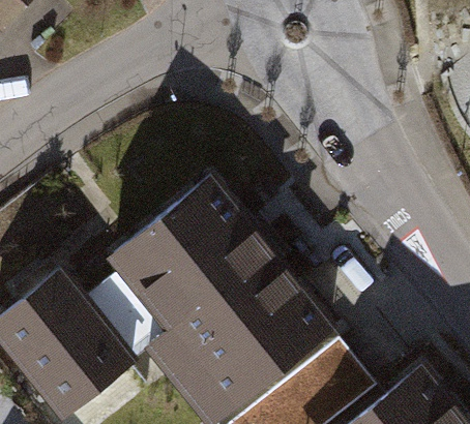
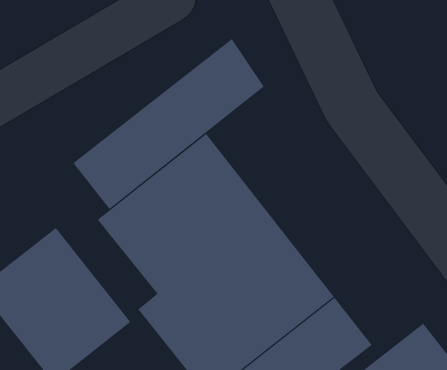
building: none -> [73,38,265,210]

